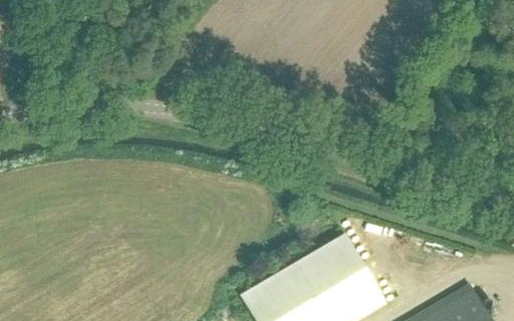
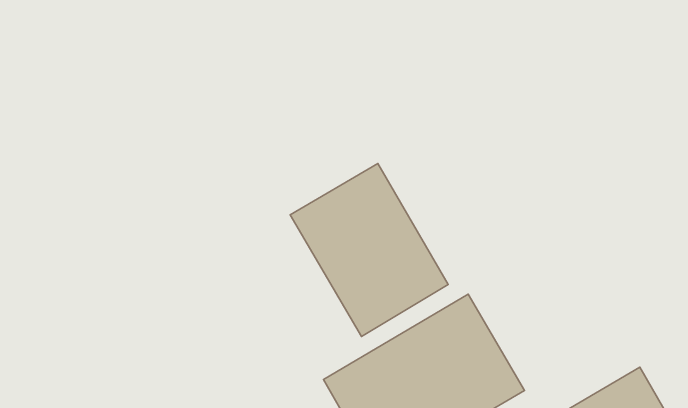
building: none -> [290,163,448,336]

